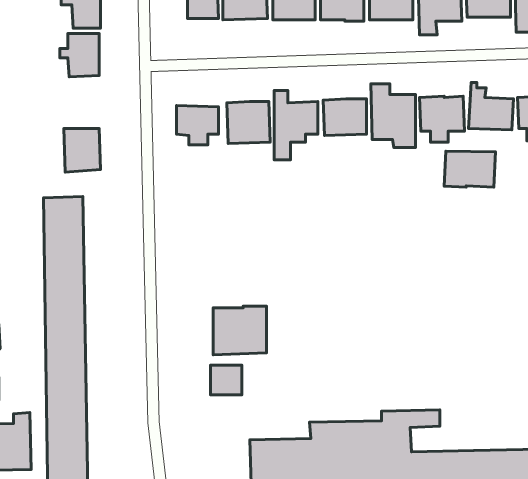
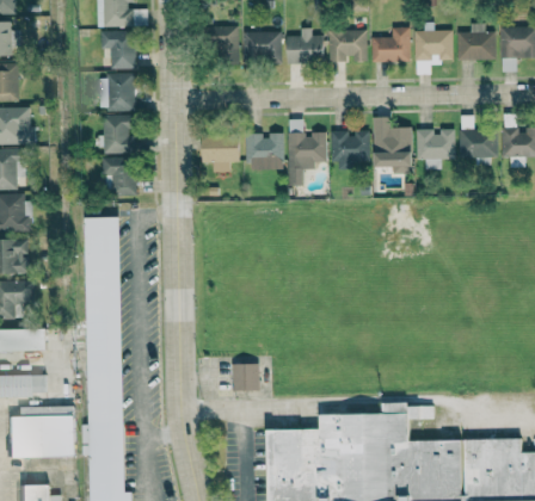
building: none -> [103,115,134,153]
building: [444,151,496,187] -> none
building: [213,306,267,355] -> none

